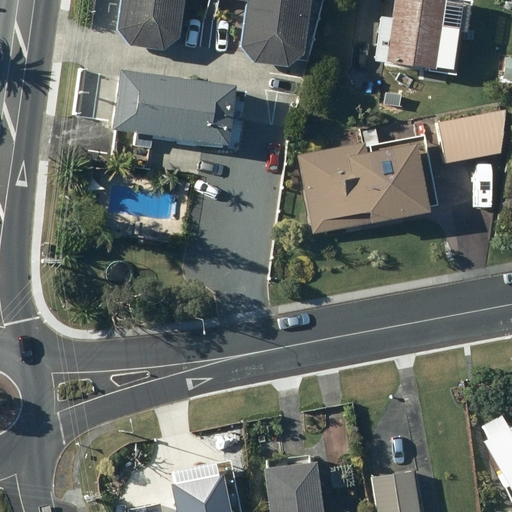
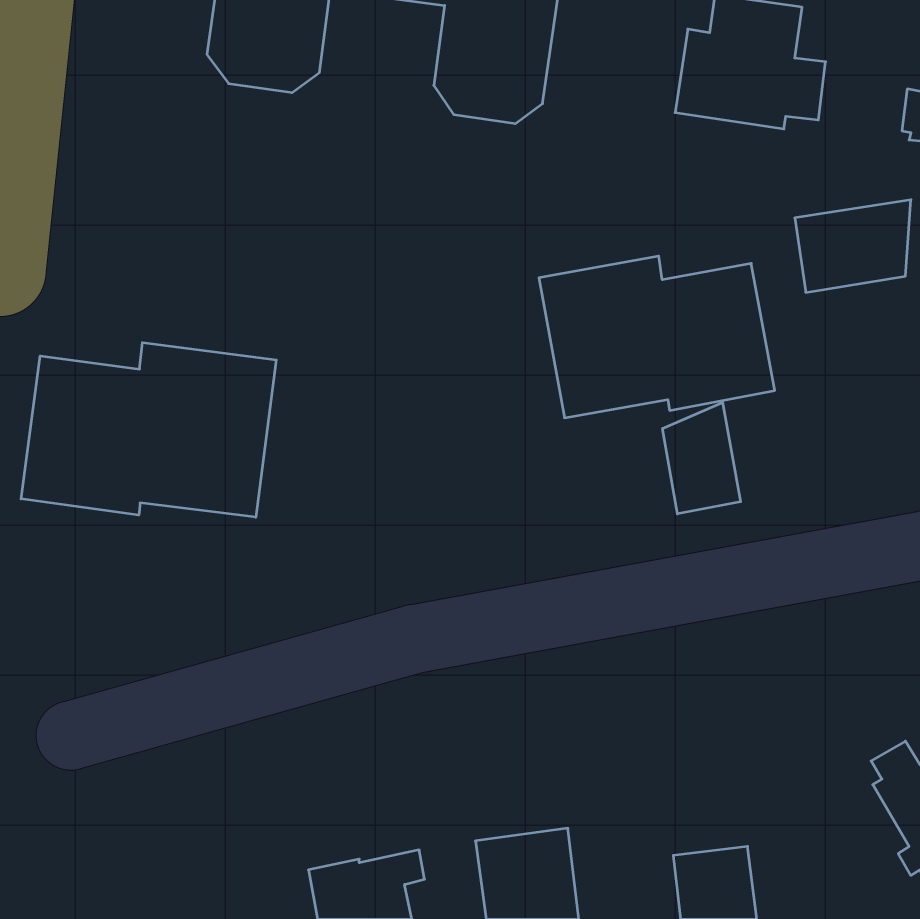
building: [111,72,237,148] -> none
building: none -> [21,343,276,517]
building: none -> [663,402,741,514]

